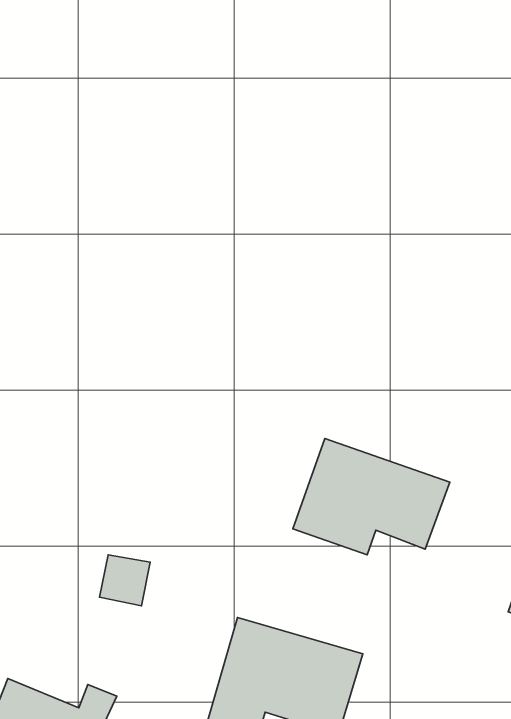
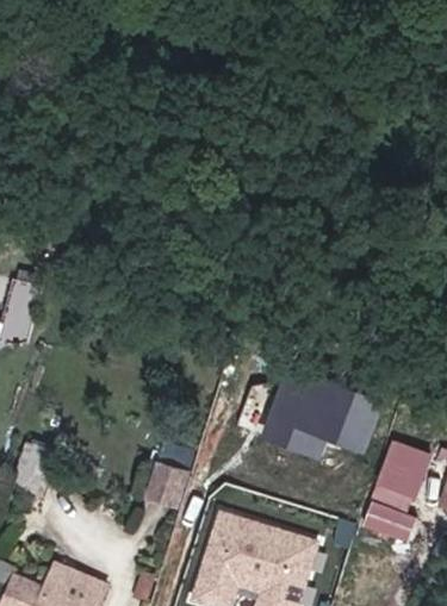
building: none -> [362,443,430,537]
building: [99,555,150,606] -> [150,461,192,502]

